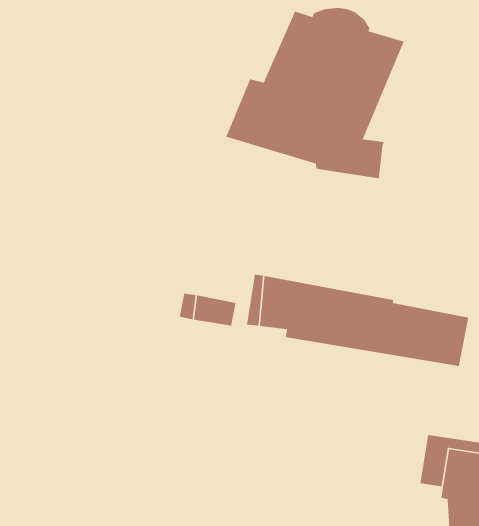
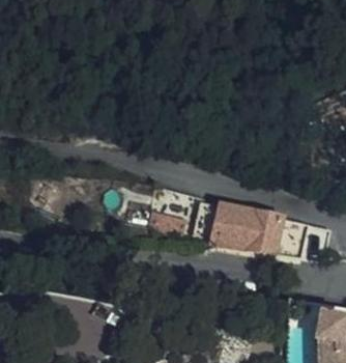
building: [225,7,405,179] -> none

